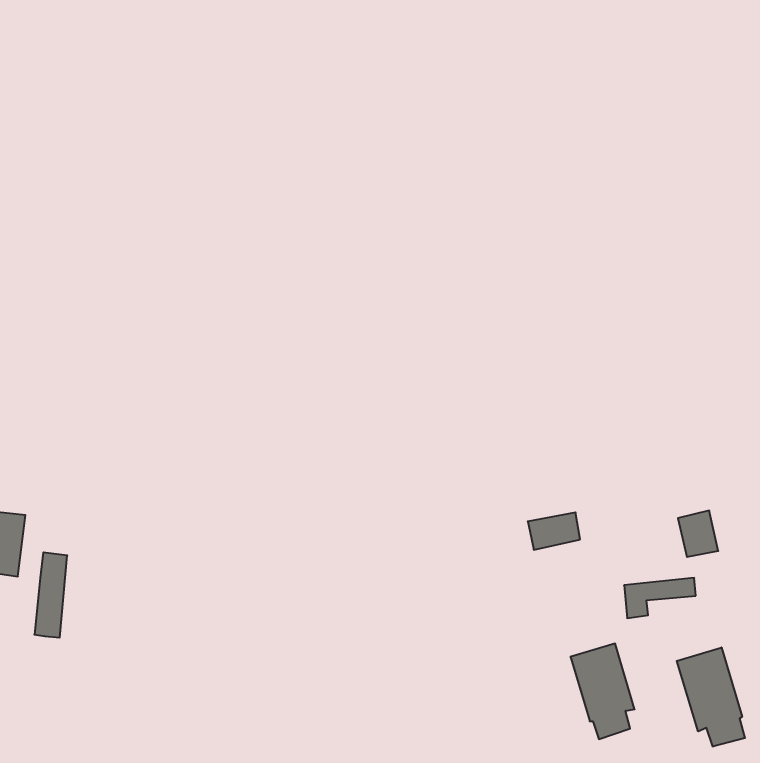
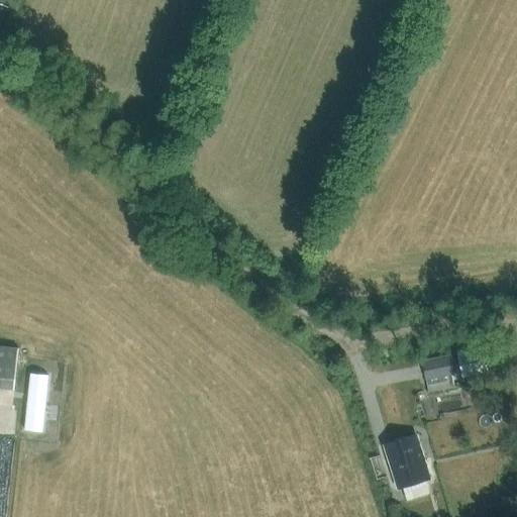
building: [528,512,580,550] -> [419,354,454,380]
building: [677,647,745,747] -> none

